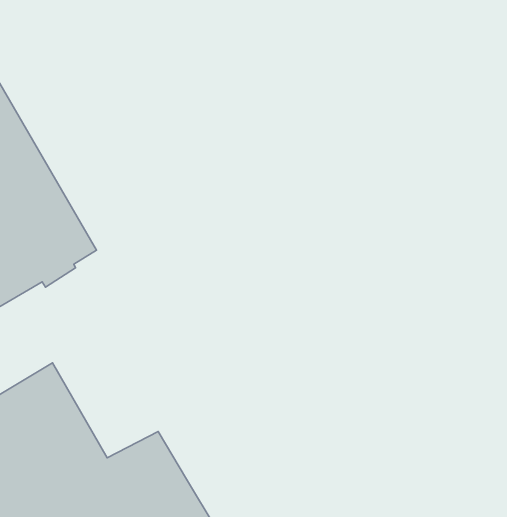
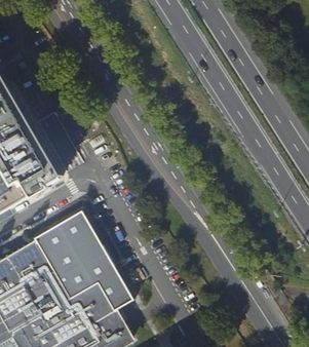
building: none -> [32,211,130,310]

